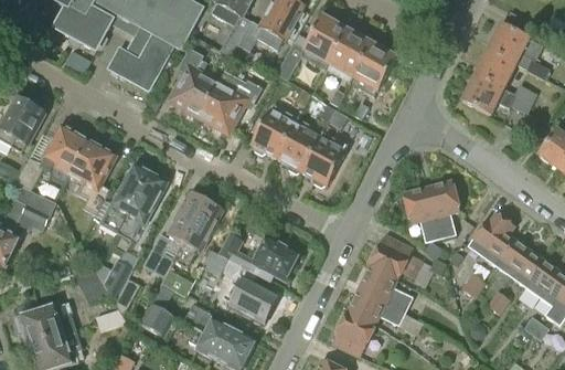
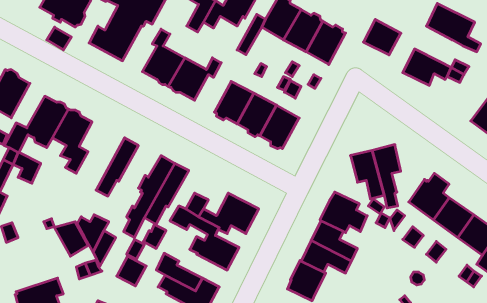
building: [475,47,516,87] -> [363,19,401,55]
building: [100,163,150,231] -> none
building: [20,303,75,345] -> none

